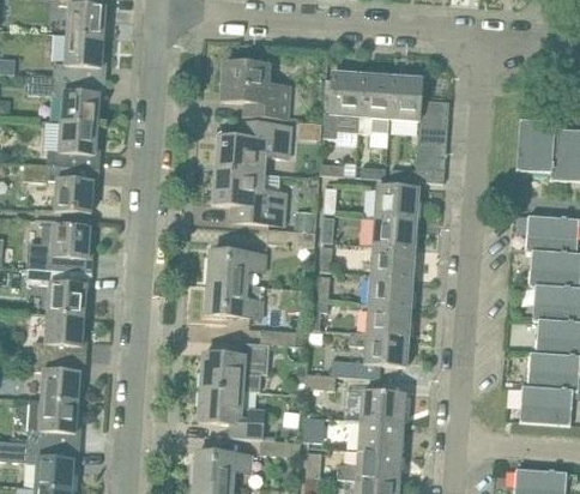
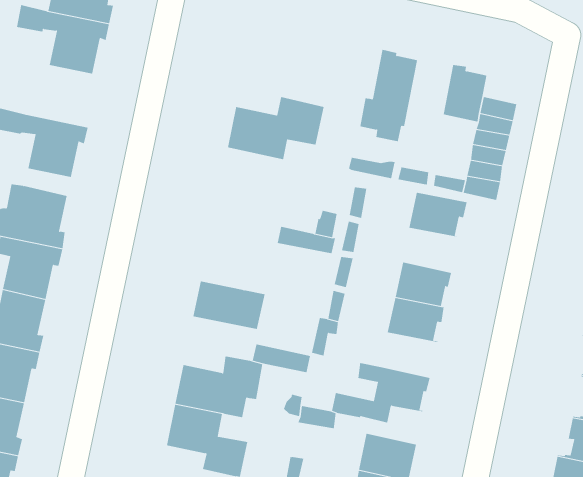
building: [220,62,289,119] -> none
building: [360,74,392,134] -> none
building: [47,122,99,169] -> none
building: [213,170,286,224] -> none
building: [373,216,417,248] -> none
building: [209,251,266,285] -> none
building: [367,305,411,337] -> none

